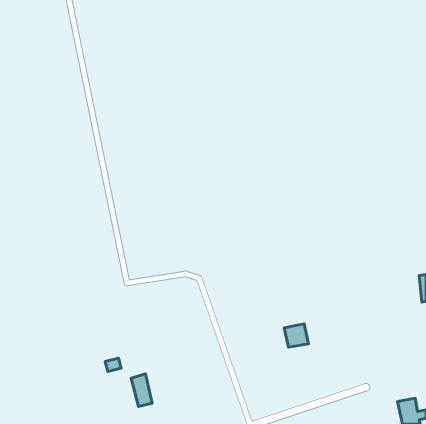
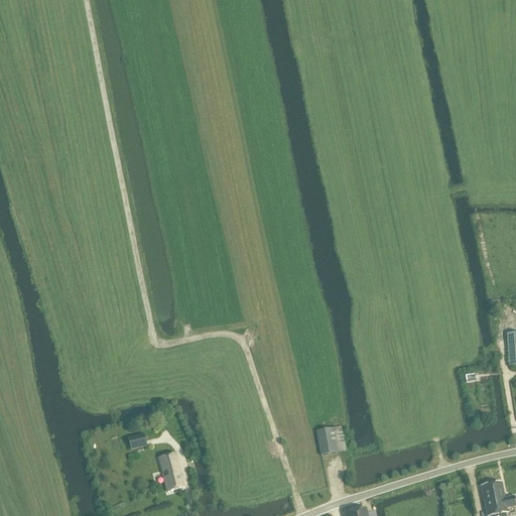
building: [284,324,308,347] -> [315,425,345,454]

